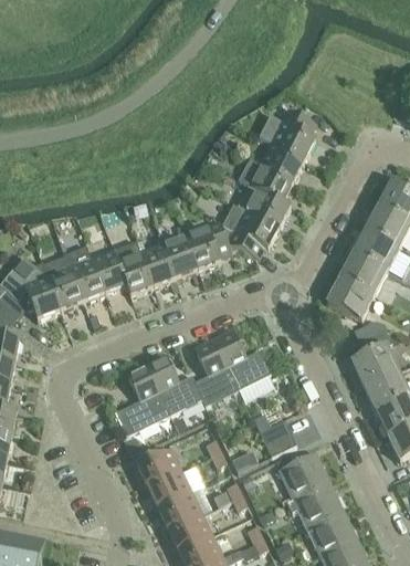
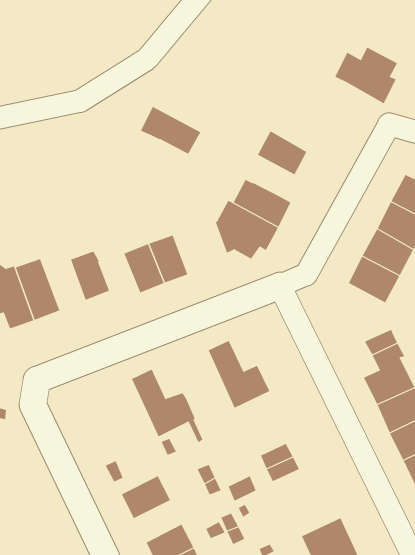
building: [259,111,315,161] -> [335,47,398,104]
building: [238,159,292,202] -> [140,106,201,154]
building: [183,221,231,271] -> none
building: [113,242,154,296] -> none
building: [65,249,105,303] -> none
building: [326,279,372,322] -> none
building: [195,338,238,406] -> none
building: [115,364,170,437] -> none
building: [280,453,333,504] -> none
building: [148,472,191,510] -> none

